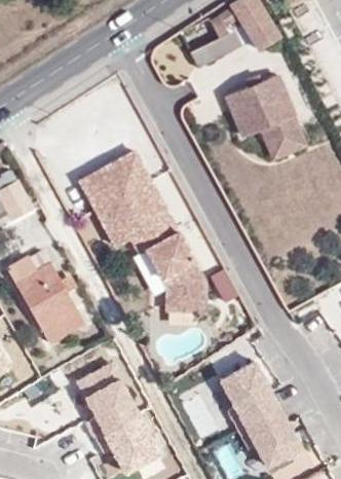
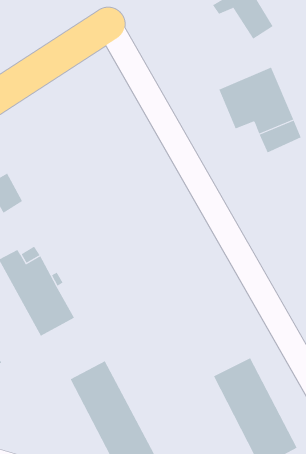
building: [189,14,241,61] -> none
building: [78,150,204,311] -> none

